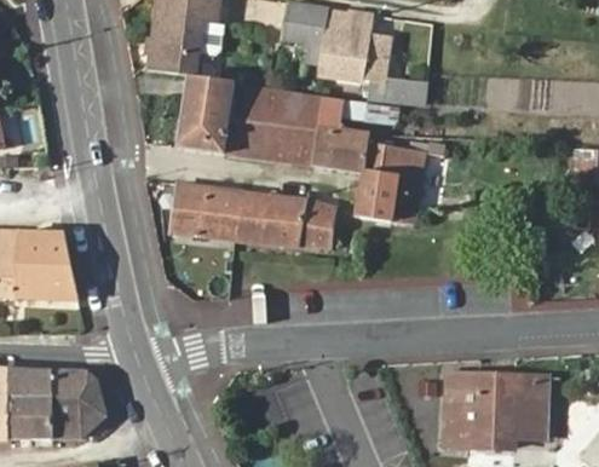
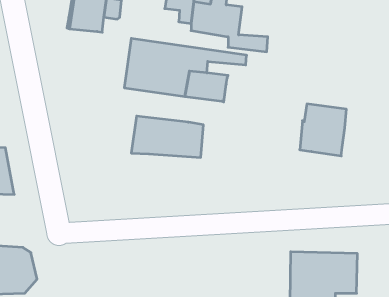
building: [178,74,236,151] -> none
building: [357,146,421,218] -> [300,104,346,156]
building: [171,183,243,241] -> none

